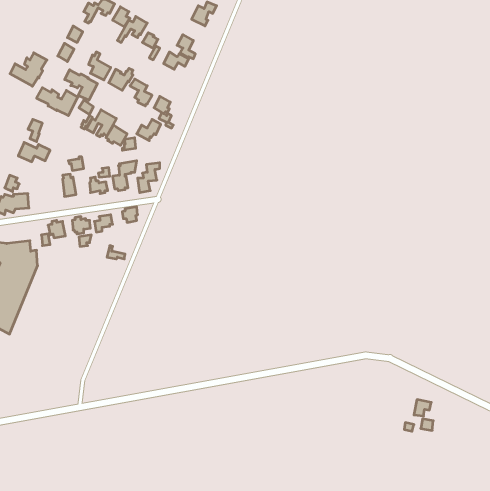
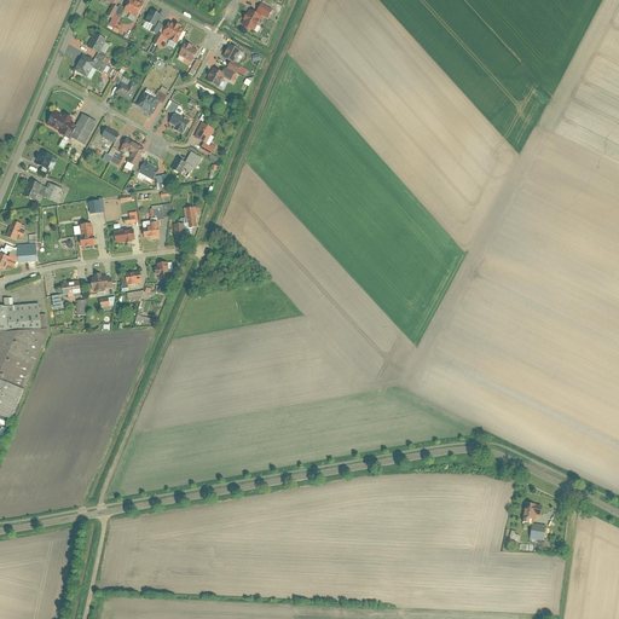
building: [10,53,47,86] -> none
building: [65,70,97,100] -> none

